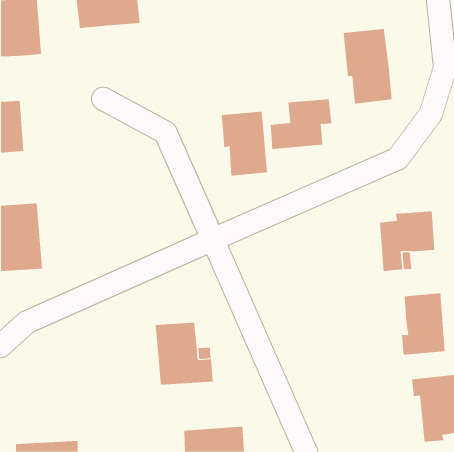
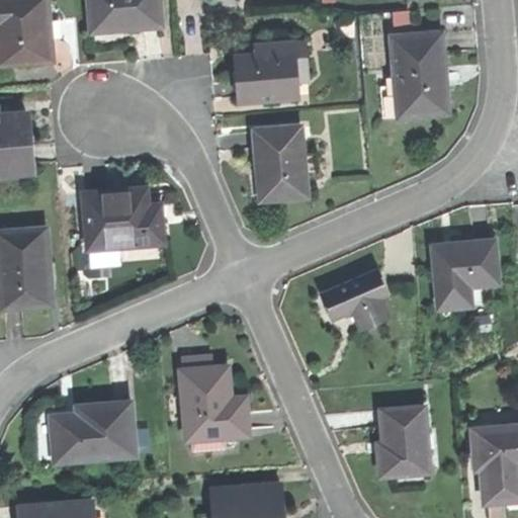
building: [270,99,332,149] -> [235,42,306,100]
building: none -> [82,187,161,249]
building: none -> [320,272,384,330]
building: [401,293,446,355] -> [377,406,428,477]
building: none -> [50,401,134,461]

